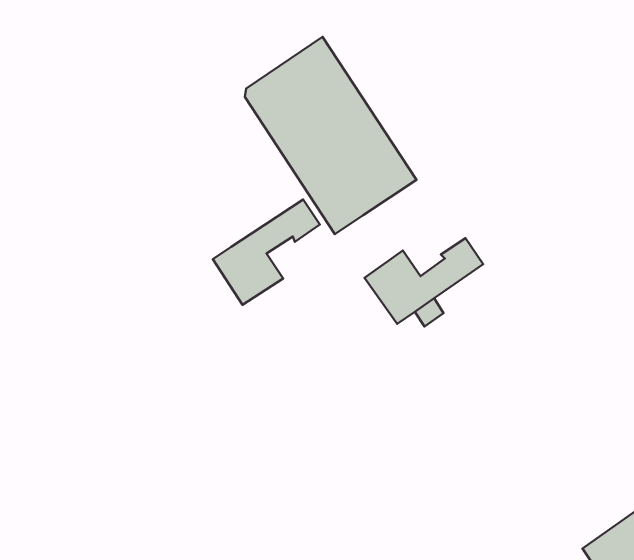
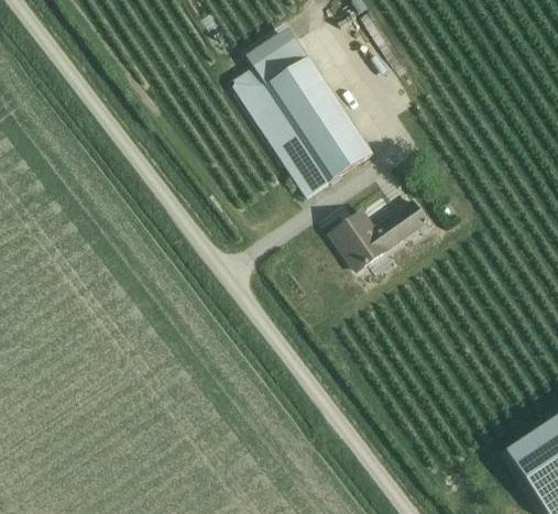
building: [213,199,320,305] -> none

